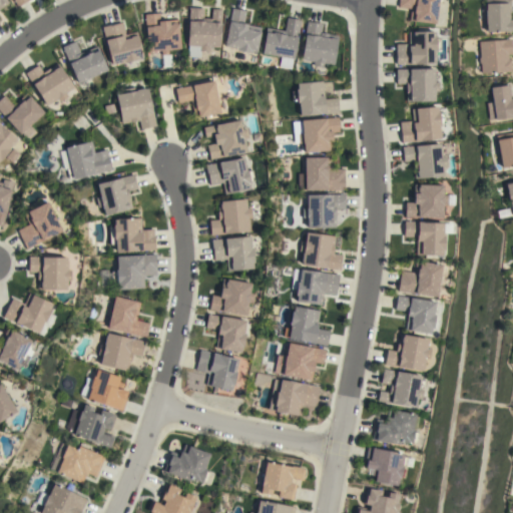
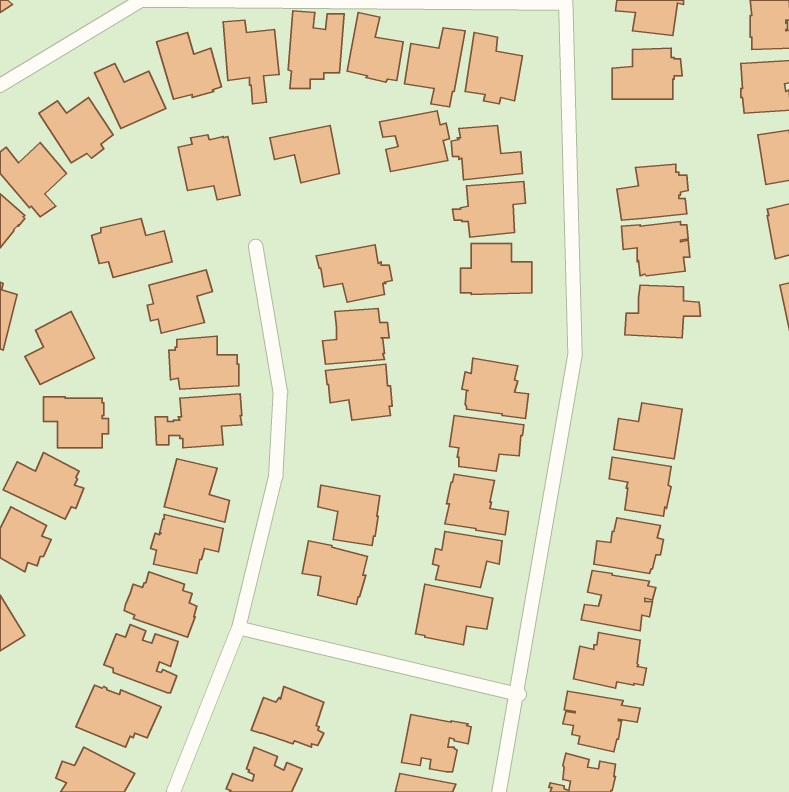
building: [398,68,441,101] -> none
building: [204,120,249,159] -> [380,111,449,171]
building: [304,194,347,227] -> none
building: [405,221,445,255] -> none
building: [210,279,255,316] -> none

